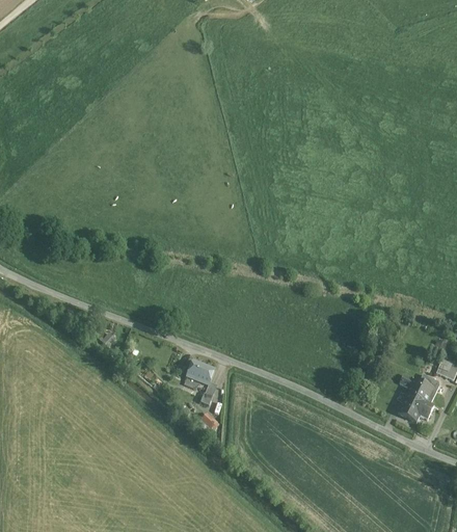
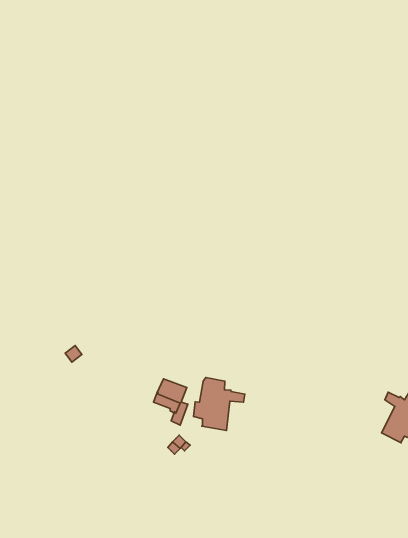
building: none -> [193,378,245,430]

